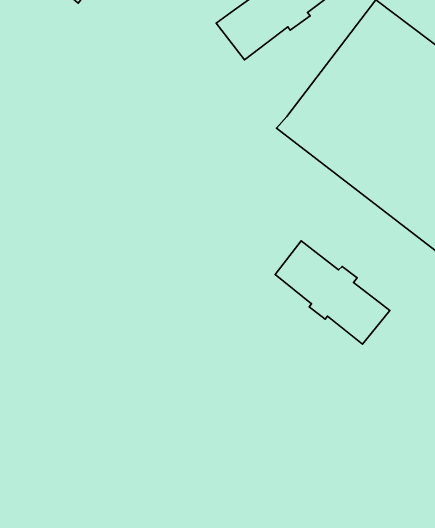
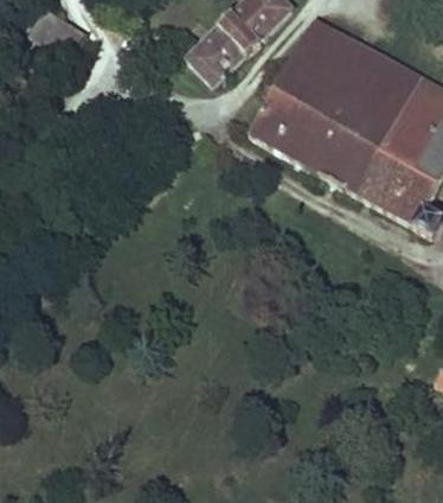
building: [275,241,390,344] -> none

